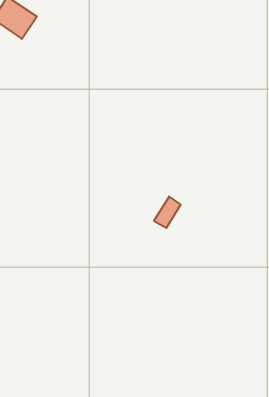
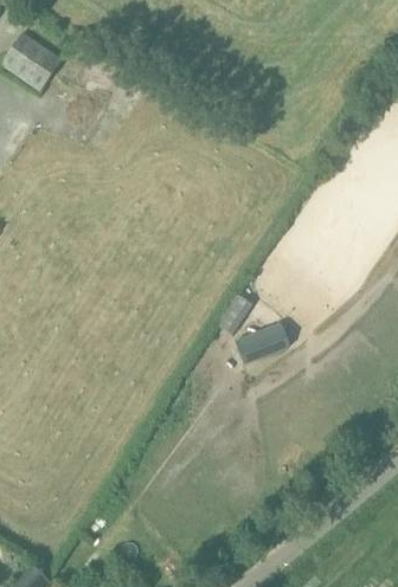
building: none -> [237,324,288,363]

